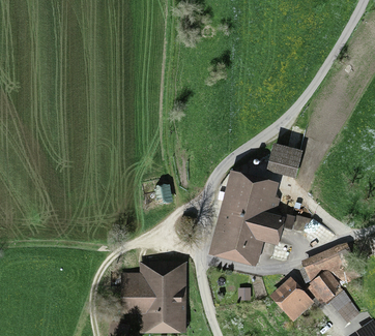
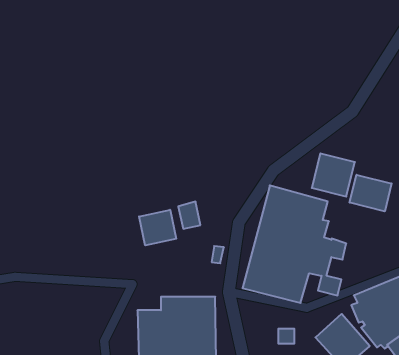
building: none -> [350,175,392,211]
building: none -> [139,210,176,245]

